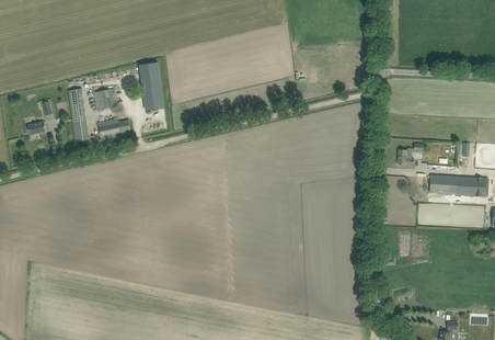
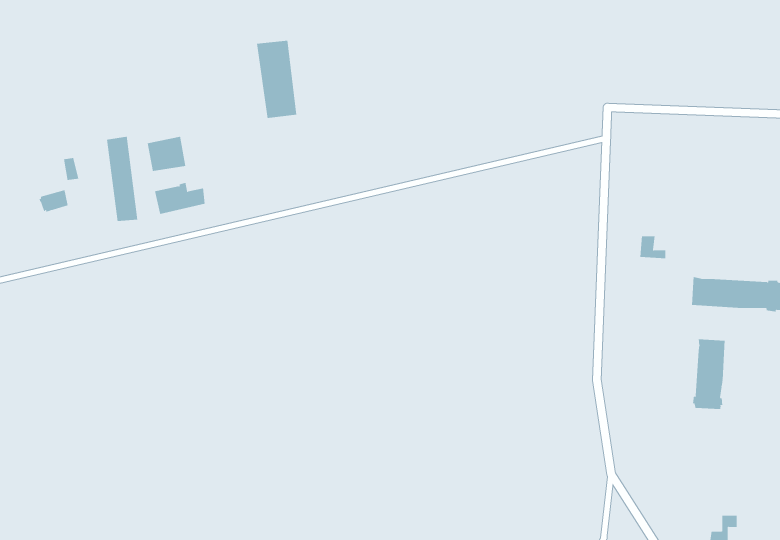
building: [139,63,164,111] -> [256,40,297,118]
building: none -> [692,338,725,410]

